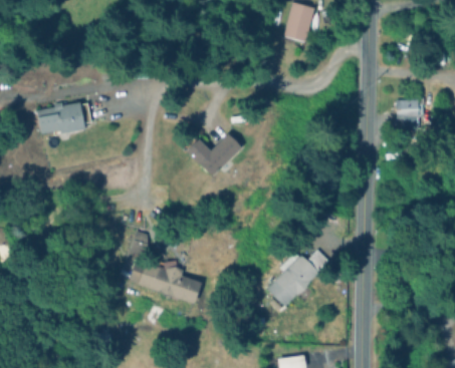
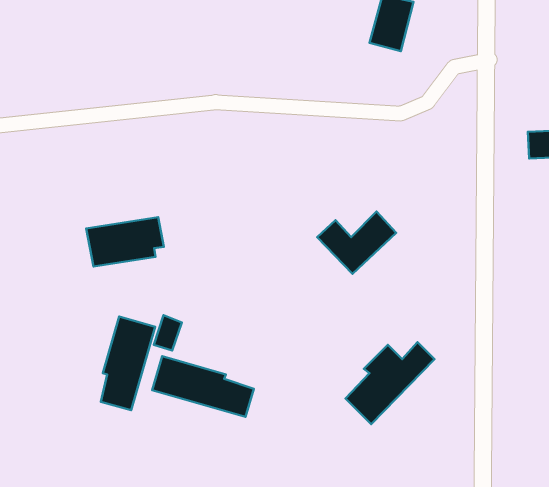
building: [36,100,91,135] -> [86,217,164,267]
building: [186,132,242,176] -> [317,212,396,274]
building: none -> [101,316,155,410]

